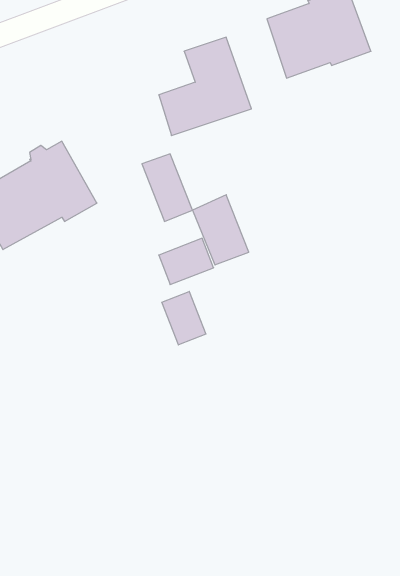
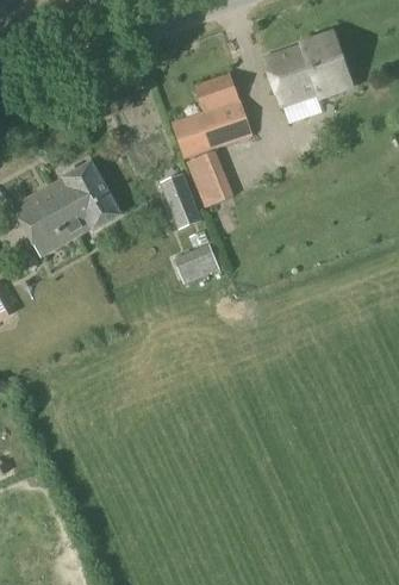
building: [192,195,249,265] -> [186,148,233,207]
building: [162,291,206,345] -> none

